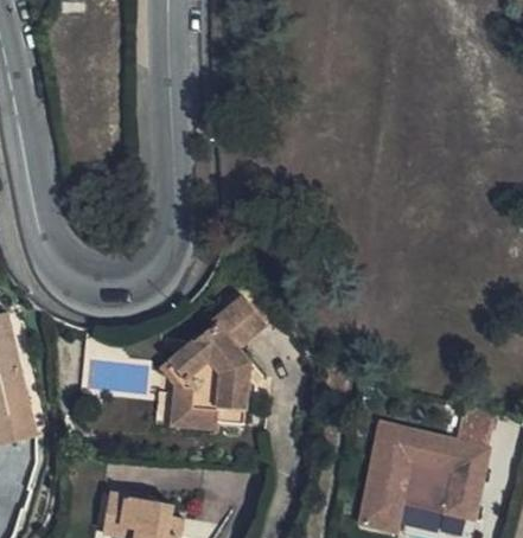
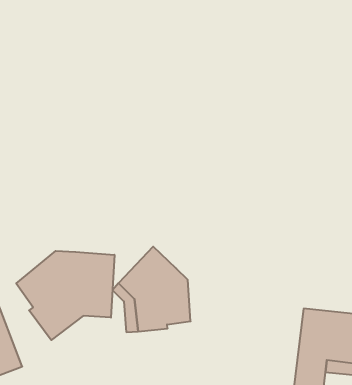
building: [211,294,267,351] -> none
building: none -> [16,251,114,340]

